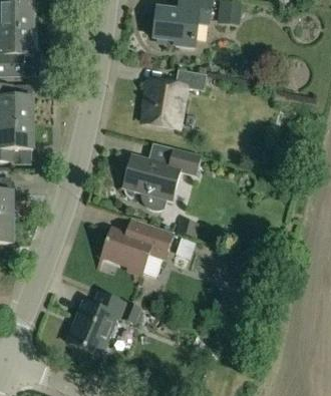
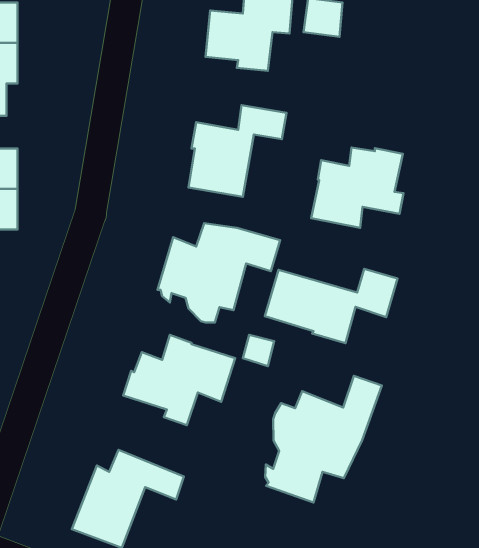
building: none -> [311,147,404,228]
building: none -> [265,269,398,343]
building: none -> [265,376,382,503]

